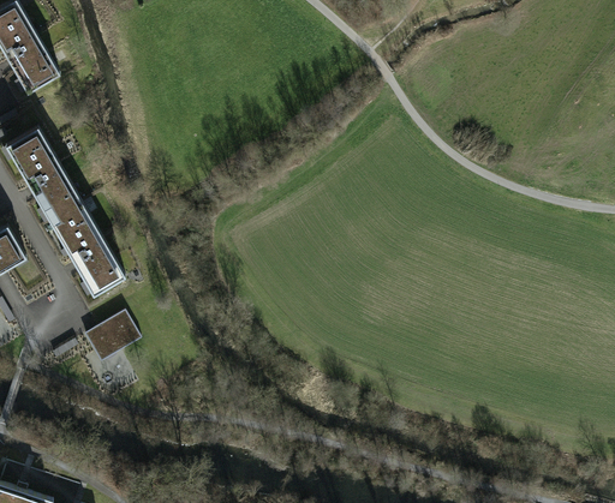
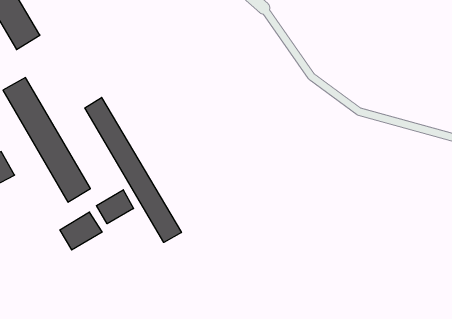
building: none -> [85,97,181,242]
building: none -> [96,190,134,224]

